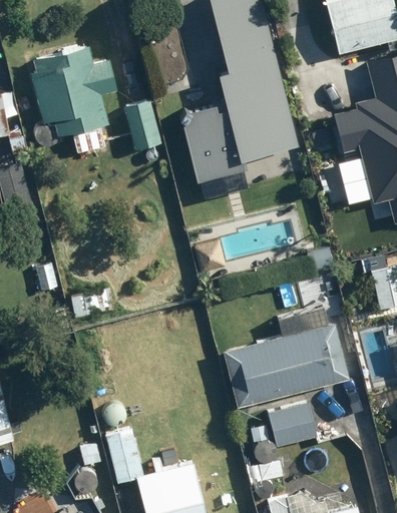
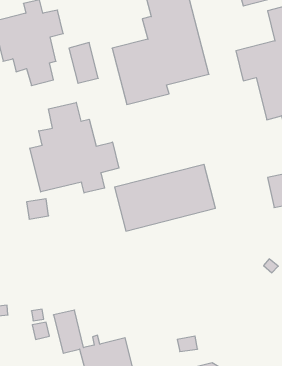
building: none -> [30,102,119,193]
building: [225,324,349,406] -> [115,164,215,231]
building: [268,403,317,446] -> none

